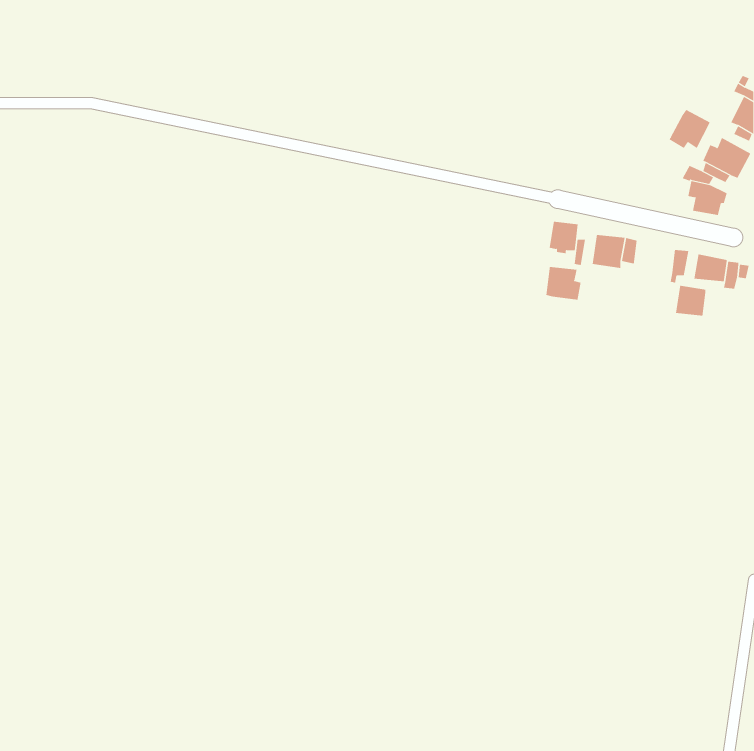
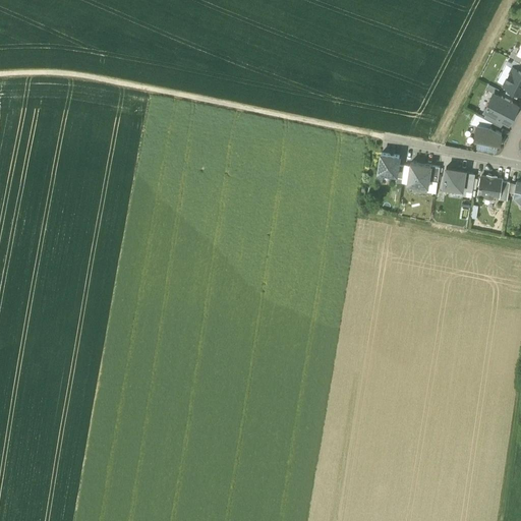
building: [669,109,711,149] -> none
building: [546,266,581,300] -> none
building: [675,285,706,316] -> [444,169,465,190]

